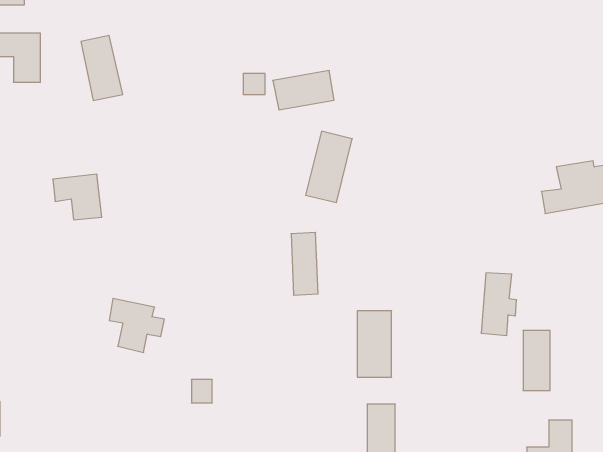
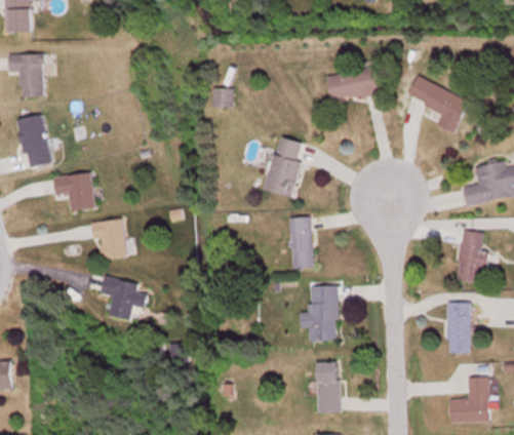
building: [81,35,123,100] -> [16,114,51,168]
building: none -> [407,76,468,132]
building: [273,71,334,110] -> [325,68,377,101]
building: none -> [91,220,125,259]
building: [291,232,318,295] -> [289,216,312,269]
building: [481,273,517,336] -> [457,231,486,283]

